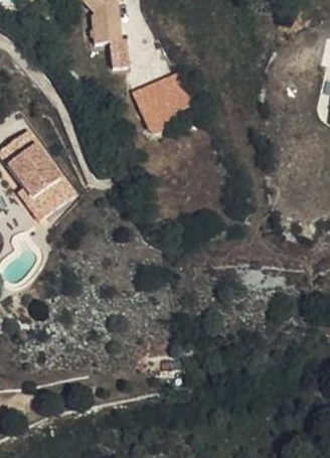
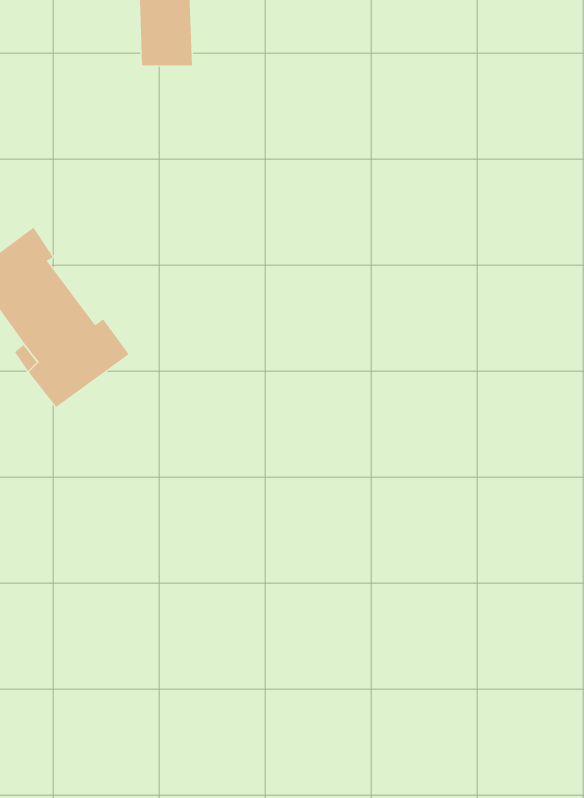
building: [127,77,193,138] -> none

